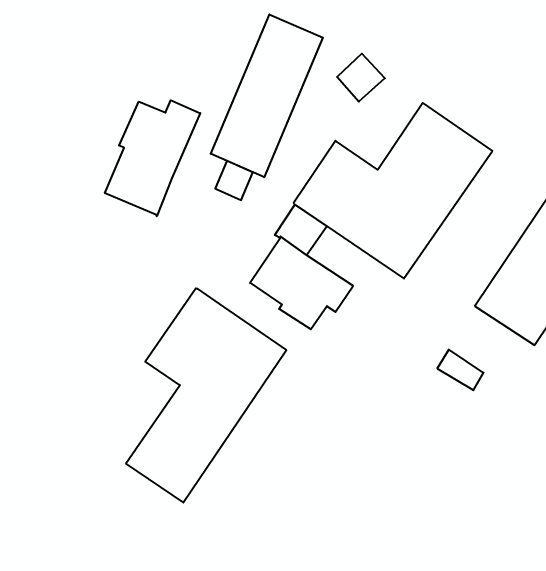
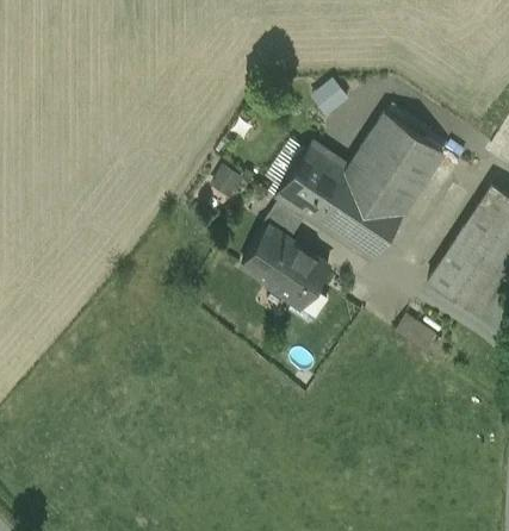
building: [211,14,323,177] -> none
building: [105,100,200,216] -> none
building: [126,288,286,503] -> none

